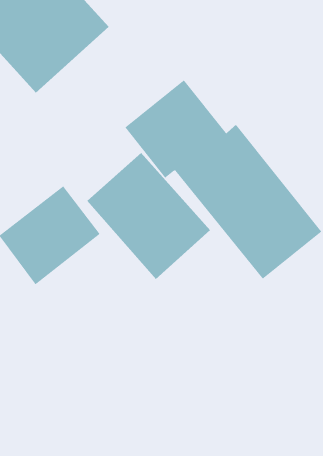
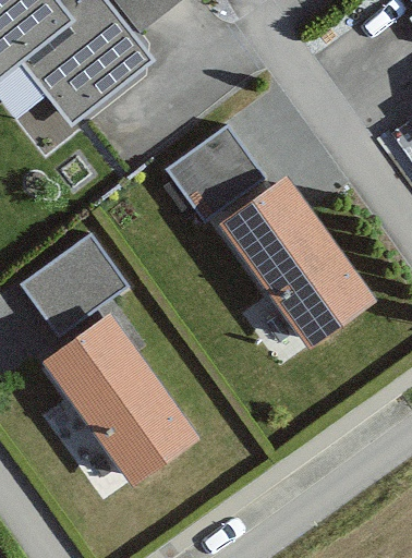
building: [86,152,211,280] -> none
building: none -> [38,314,196,484]

